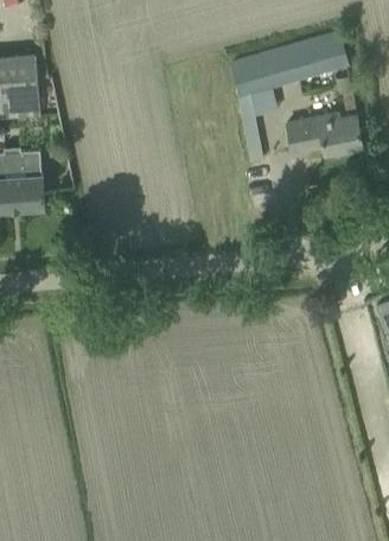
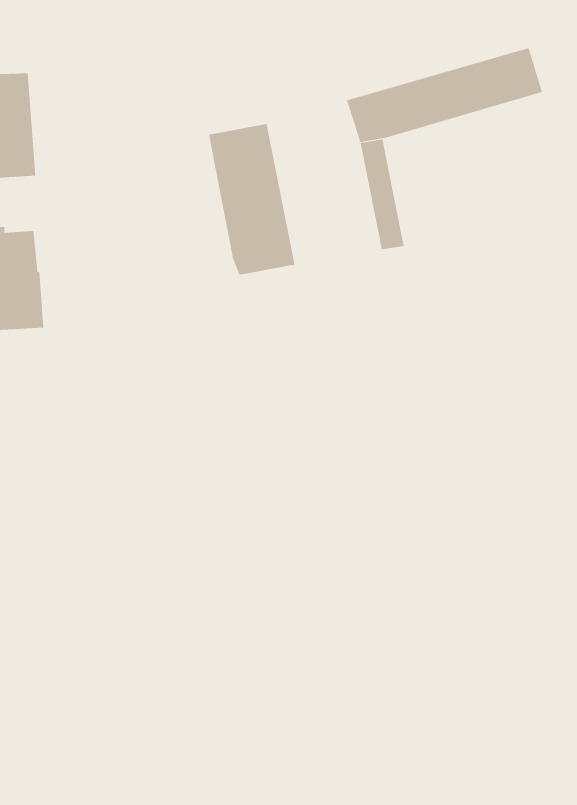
building: none -> [209,123,295,275]
building: [286,110,362,155] -> none

